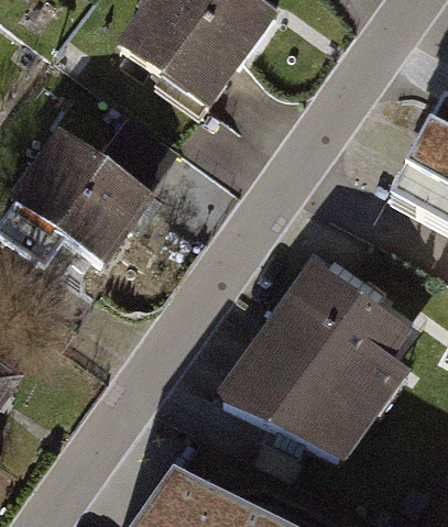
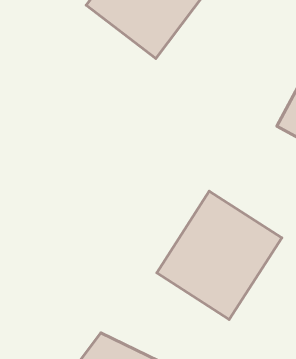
building: [34,136,171,268] -> none

